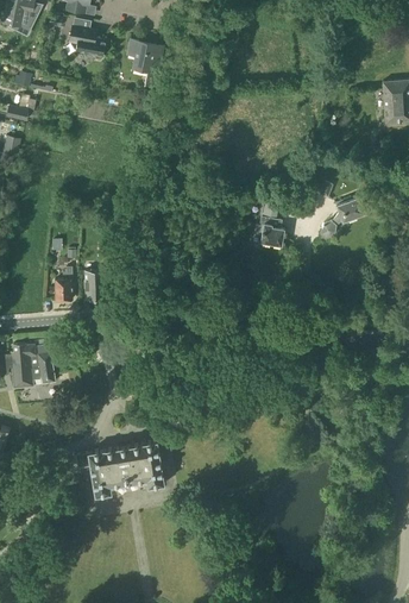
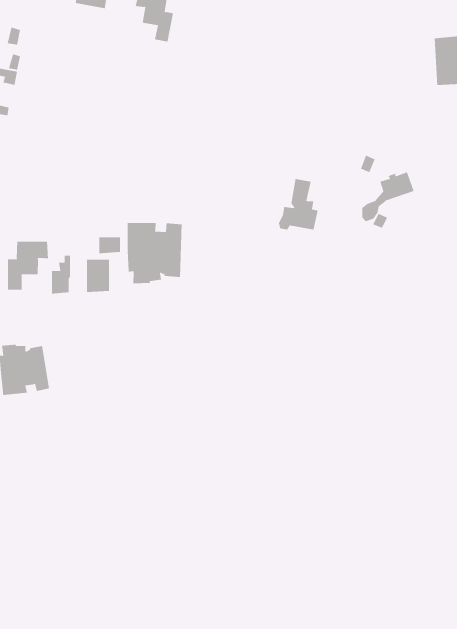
building: none -> [127,222,182,284]
building: none -> [8,241,49,290]
building: [76,441,164,495] -> none

